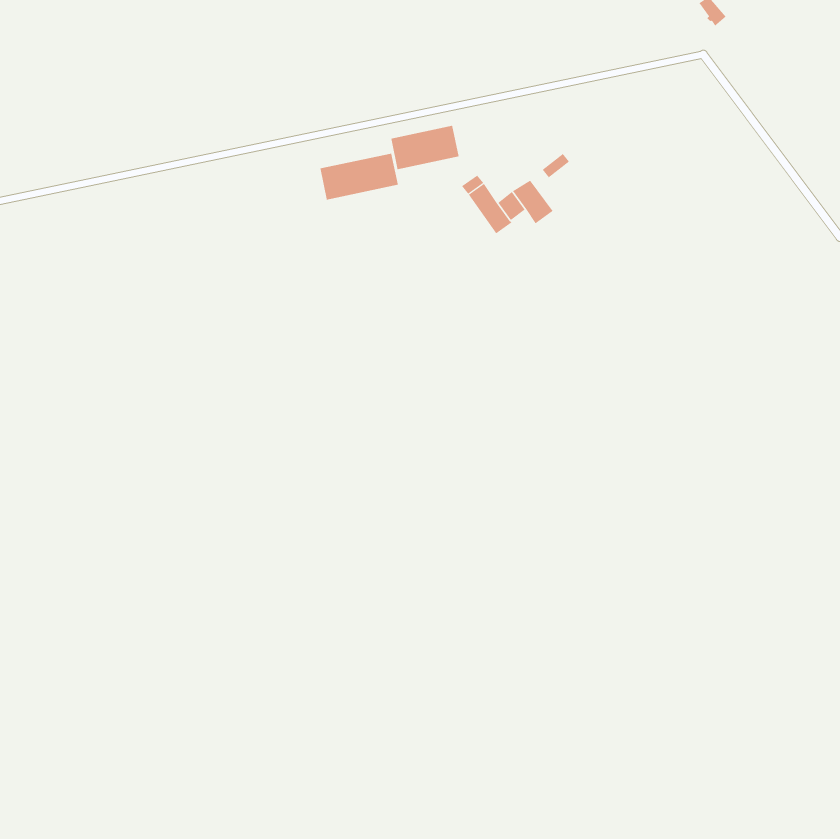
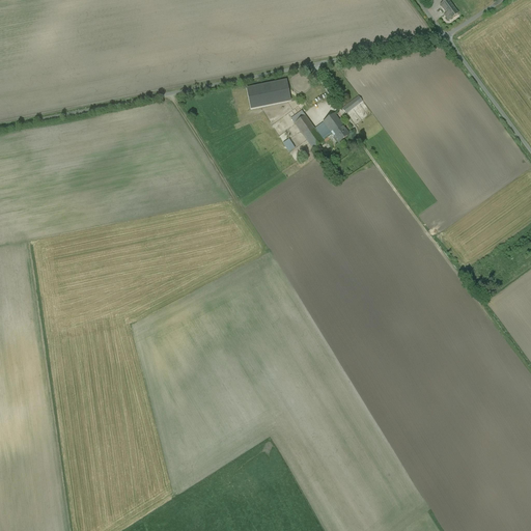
building: [320,153,398,200] -> none

